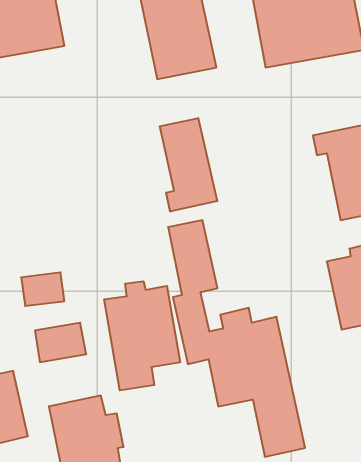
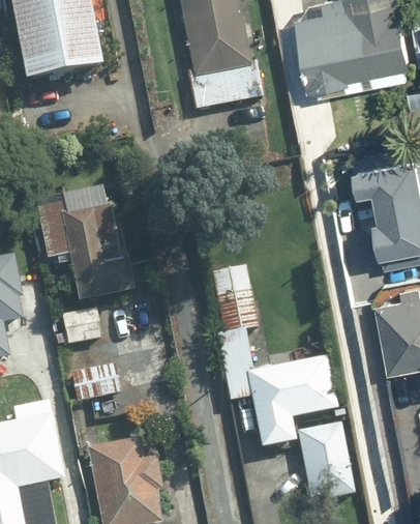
building: [160,118,217,212] -> none
building: none -> [56,207,131,304]
building: [104,281,180,390] -> none

